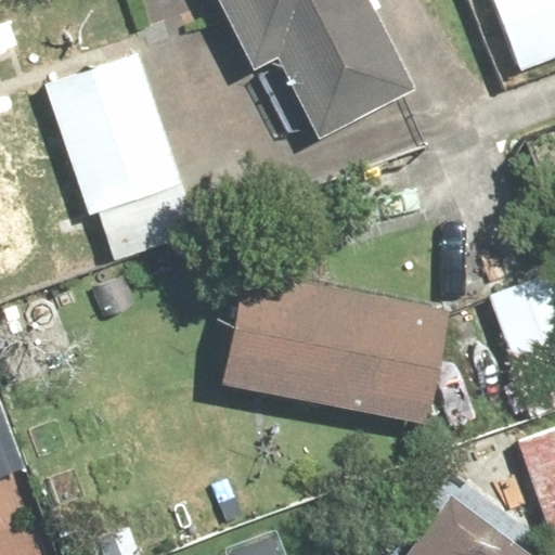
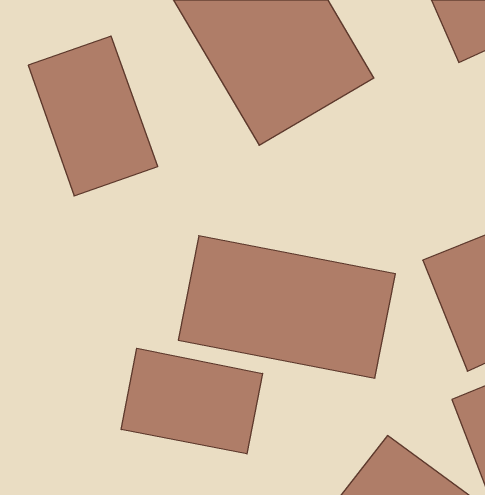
building: none -> [121,348,263,454]

